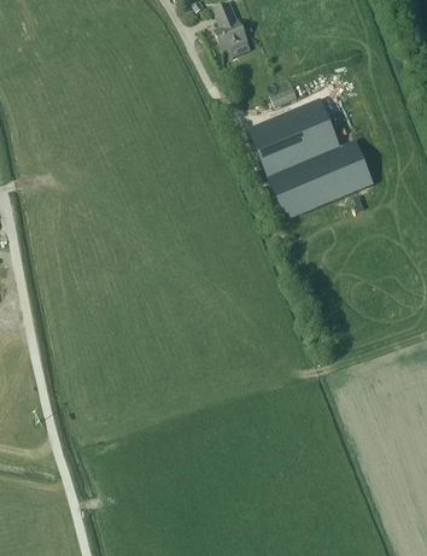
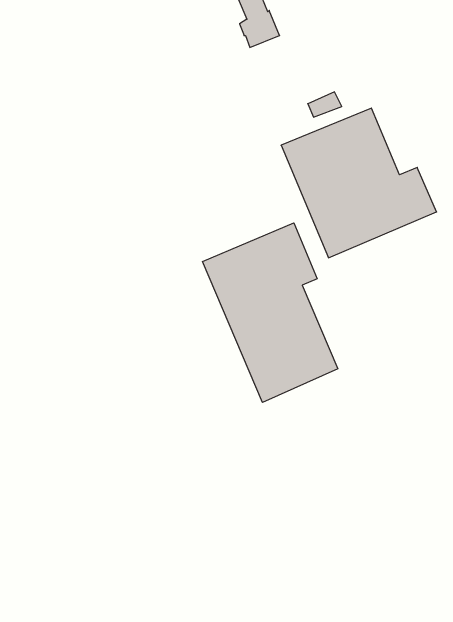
building: none -> [202,223,338,402]

